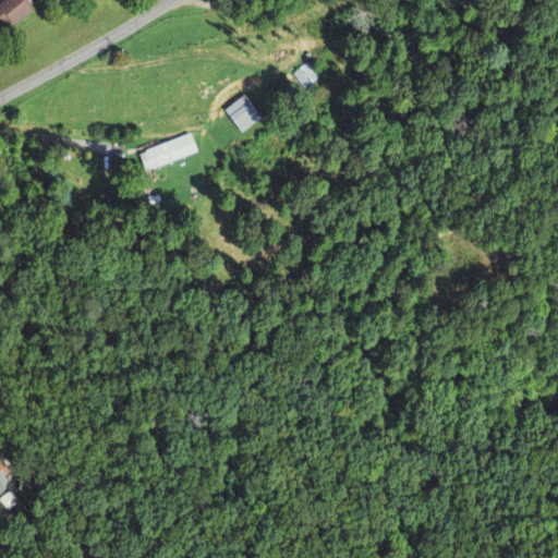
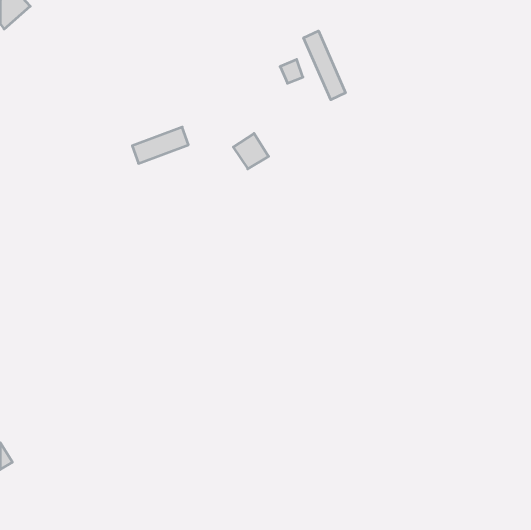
building: none -> [304,31,345,100]
building: [223,95,260,132] -> [233,133,269,169]

